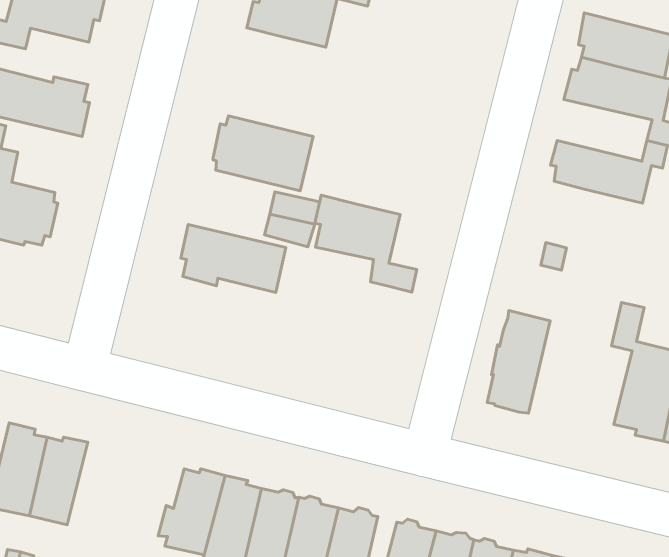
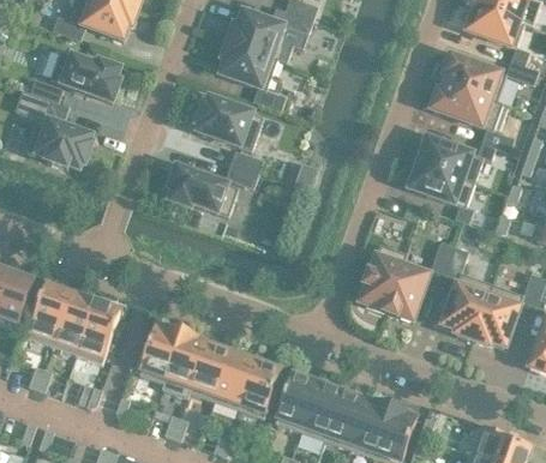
building: none -> [404,161,474,222]
building: [315,195,417,292] -> [220,40,284,109]
building: none -> [385,239,454,319]
building: none -> [76,300,119,362]

